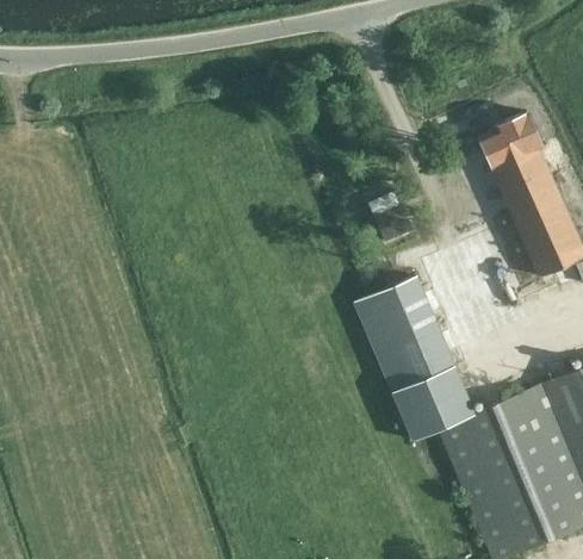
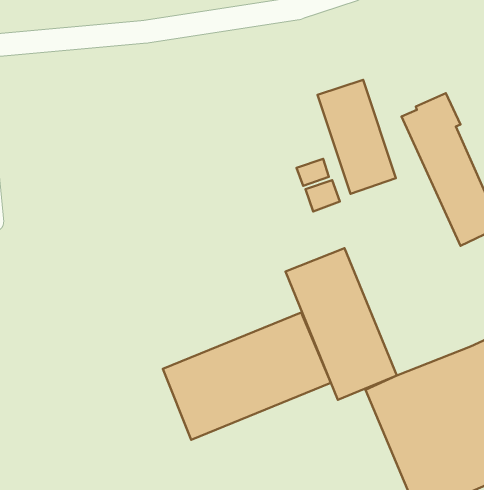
building: none -> [317,80,396,194]
building: none -> [163,313,331,440]

